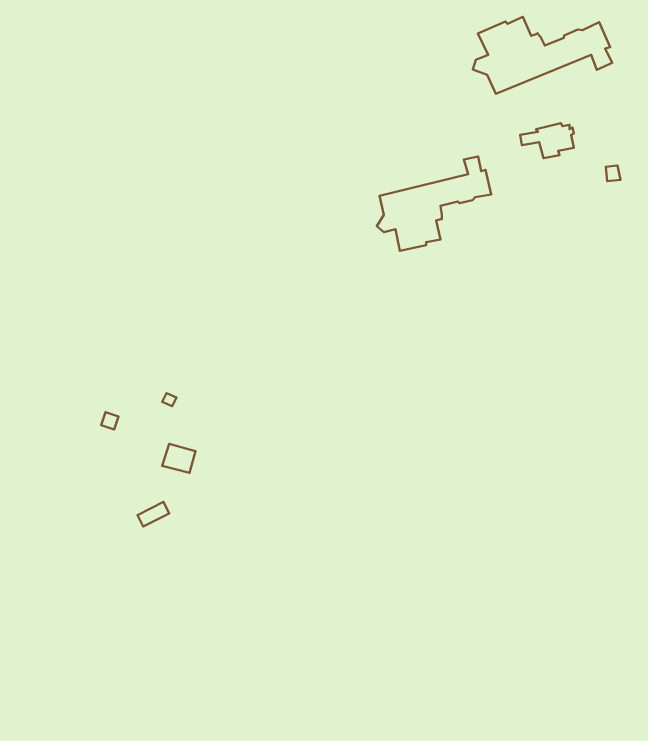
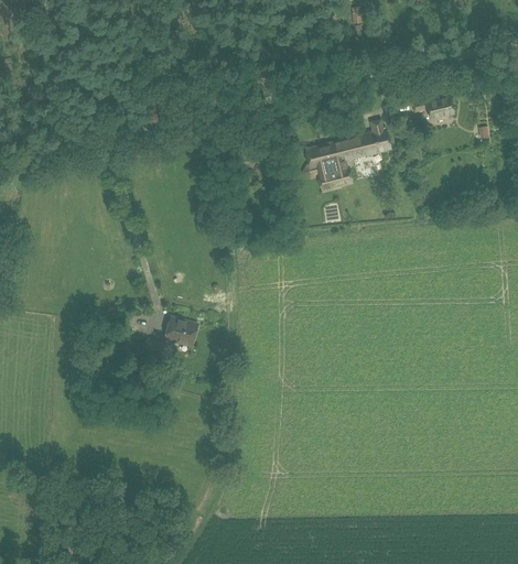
building: [473,17,612,94] -> none
building: none -> [165,316,198,345]

